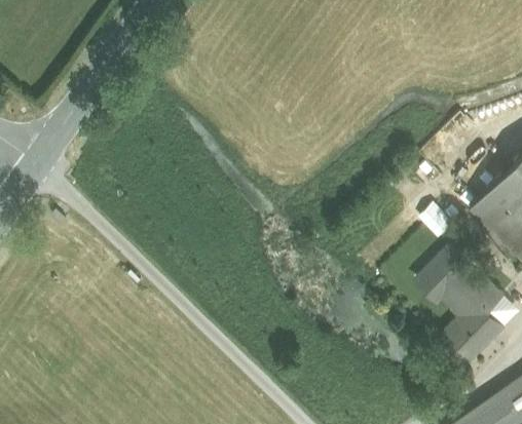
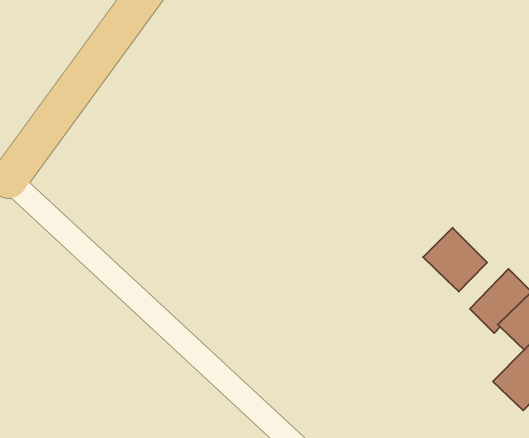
building: none -> [423,228,487,292]

